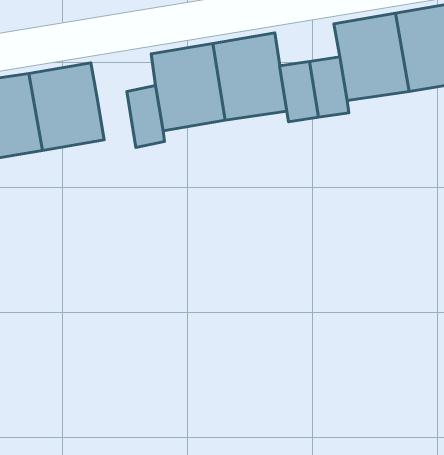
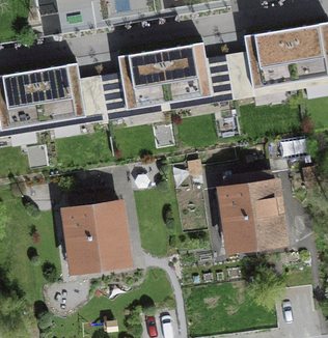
building: none -> [81,82,108,123]
building: none -> [216,170,280,244]
building: none -> [59,192,124,264]

